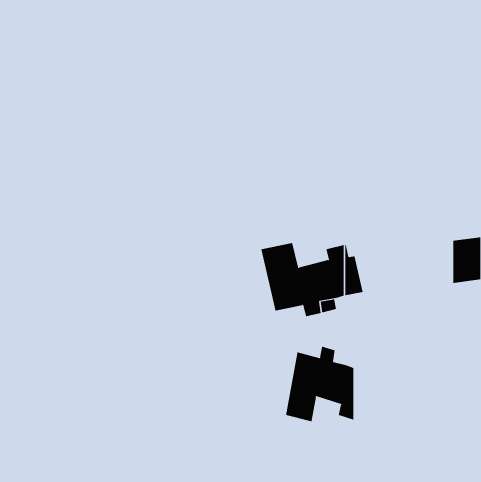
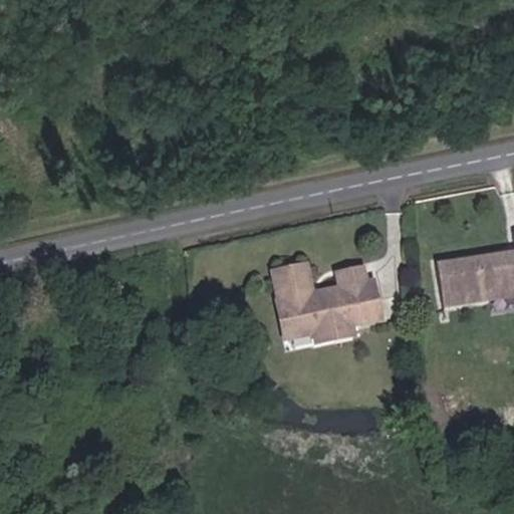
building: none -> [438,259,476,307]
building: [285,346,354,422] -> none

